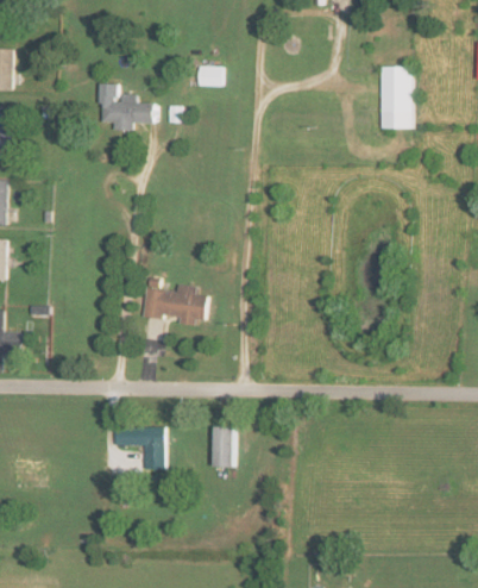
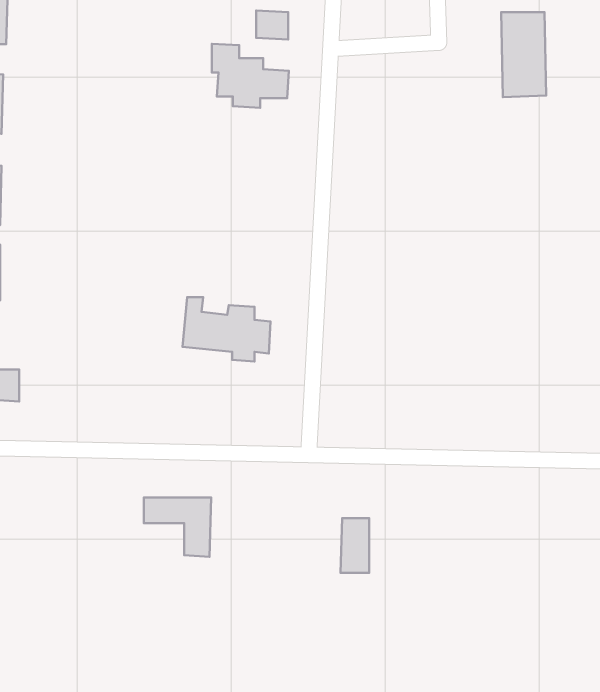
building: [98,83,155,131] -> [212,44,289,108]
building: [212,427,233,468] -> [340,518,369,573]

